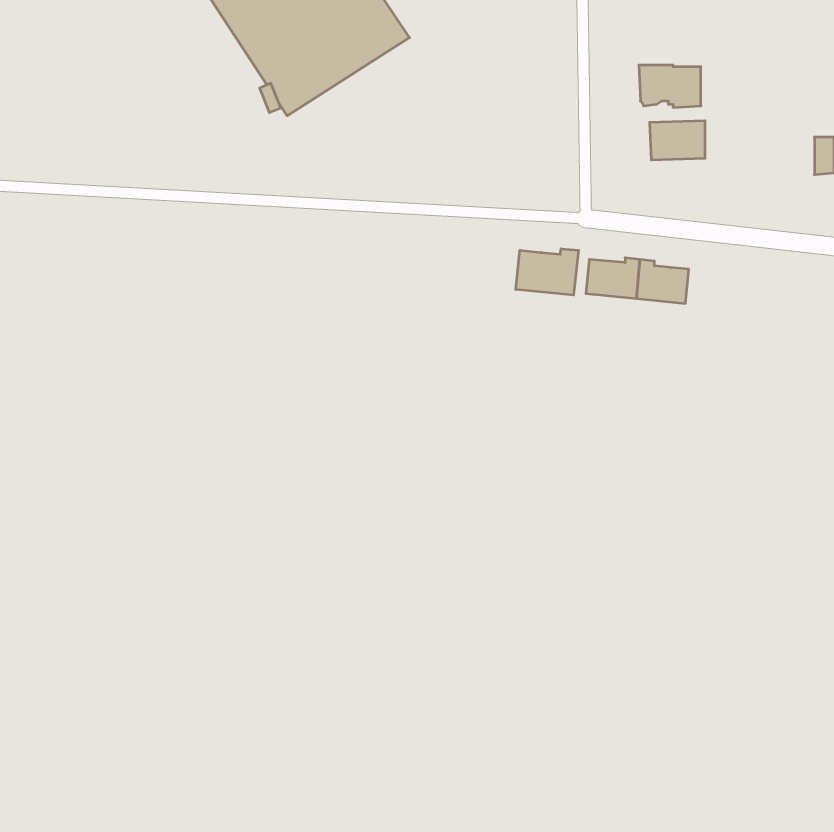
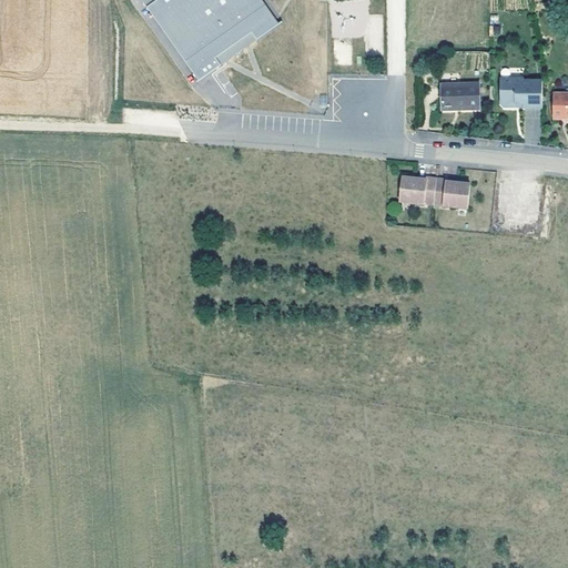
building: [639,65,701,107] -> [500,80,542,109]
building: [516,249,579,295] -> none

